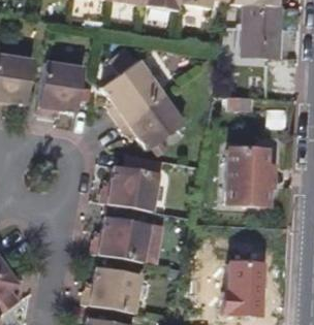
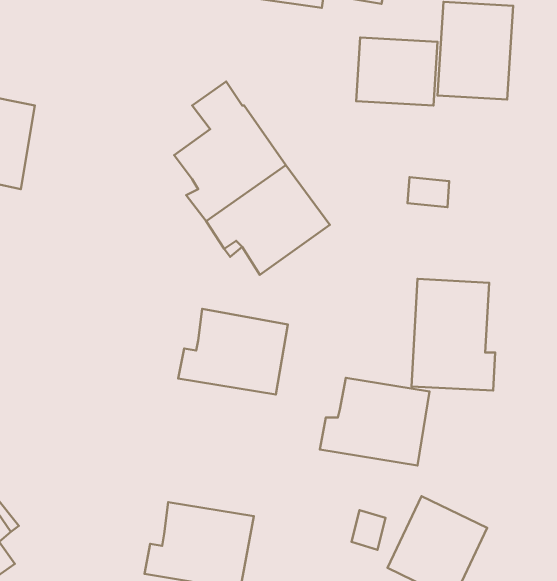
building: none -> [356,38,437,106]
building: [36,61,83,113] -> none
building: [95,215,152,260] -> [320,378,430,465]

